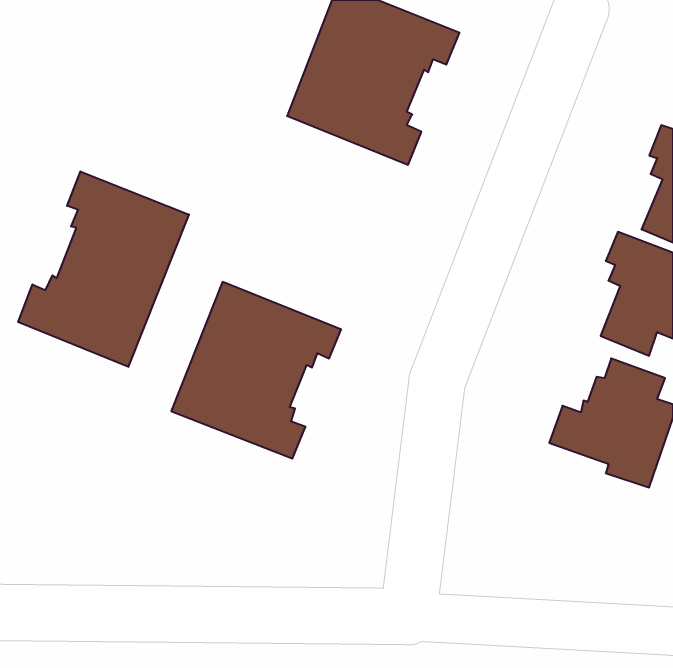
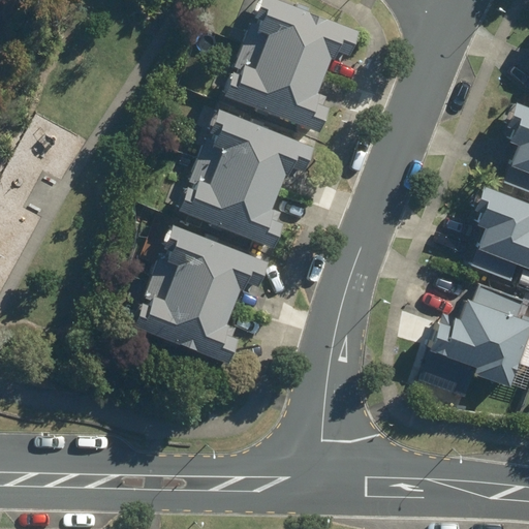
building: none -> [181,106,315,249]
building: [18,171,189,367] -> none

